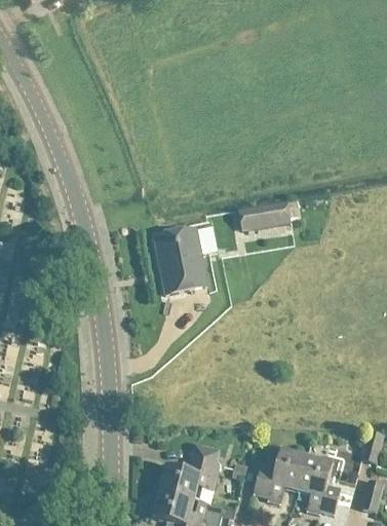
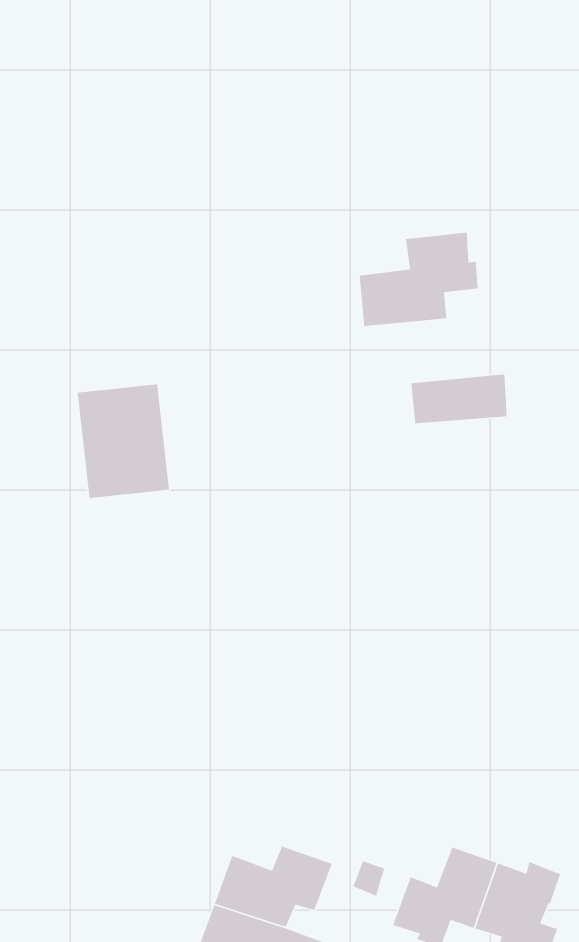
building: none -> [359,232,478,327]
building: [154,230,207,294] -> [77,383,170,499]

